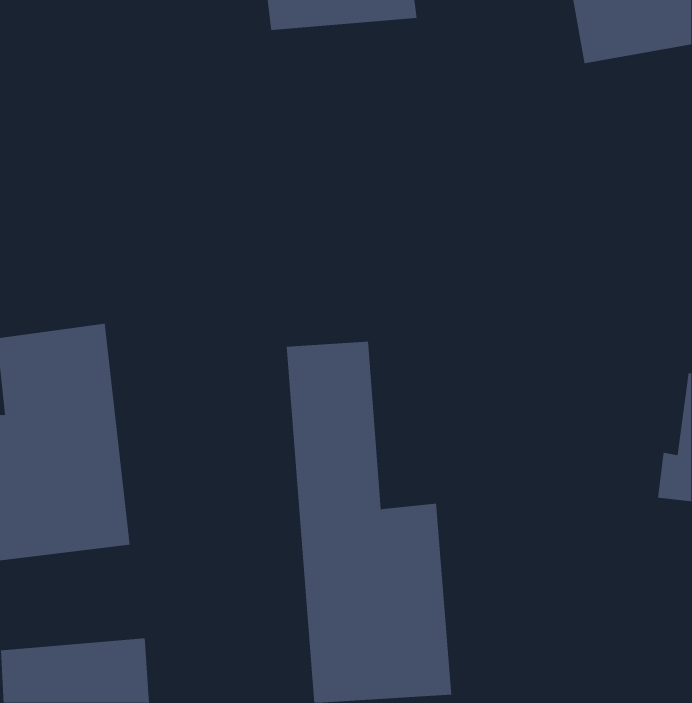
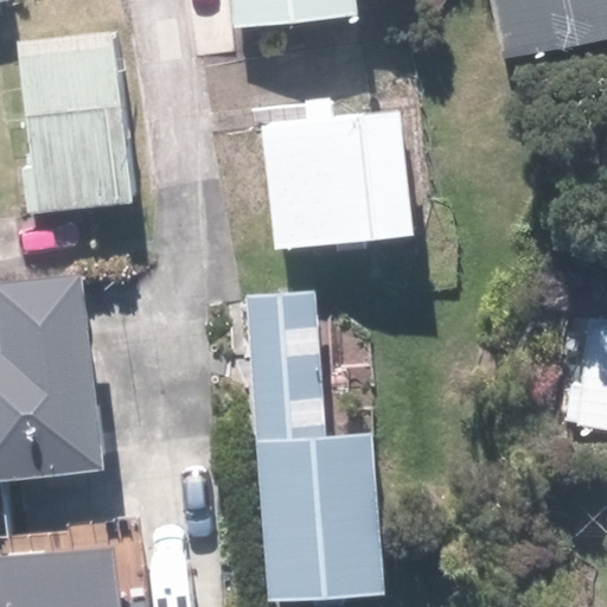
building: none -> [6,33,133,215]
building: none -> [262,102,383,251]

